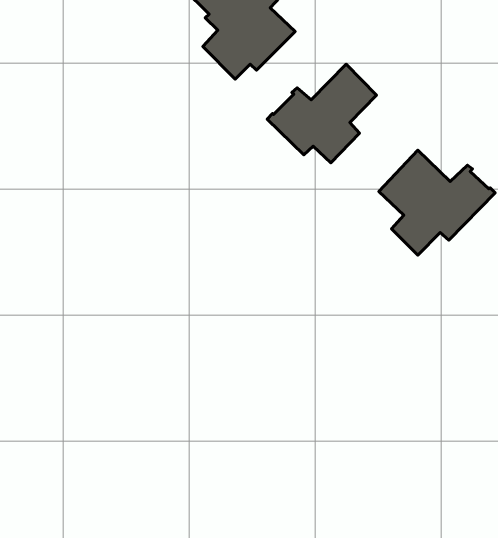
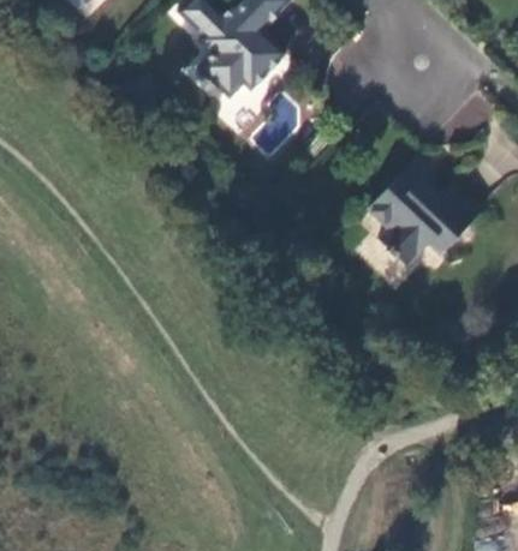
building: [267,64,377,163] -> none

